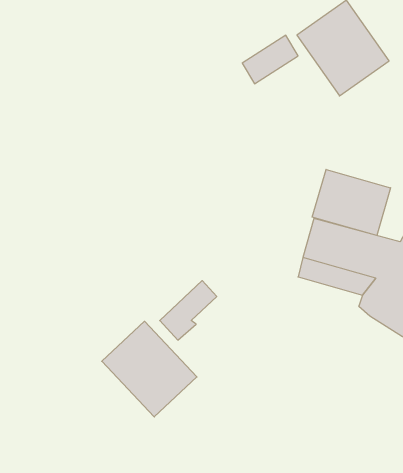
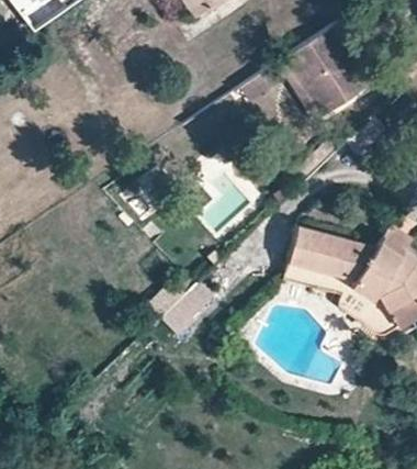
building: [312,169,391,235] -> none
building: [102,321,197,417] -> none

